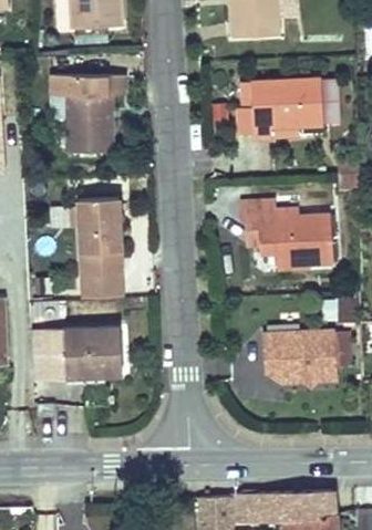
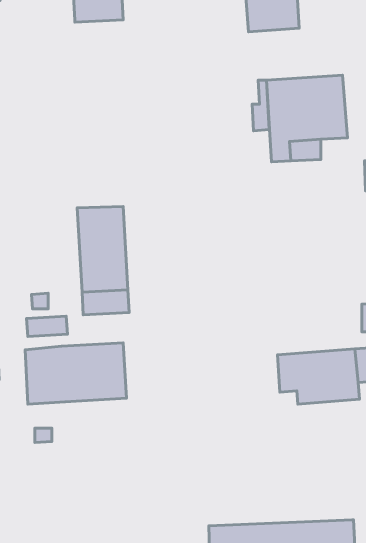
building: [51,76,125,153] -> none
building: [239,204,333,269] -> none

